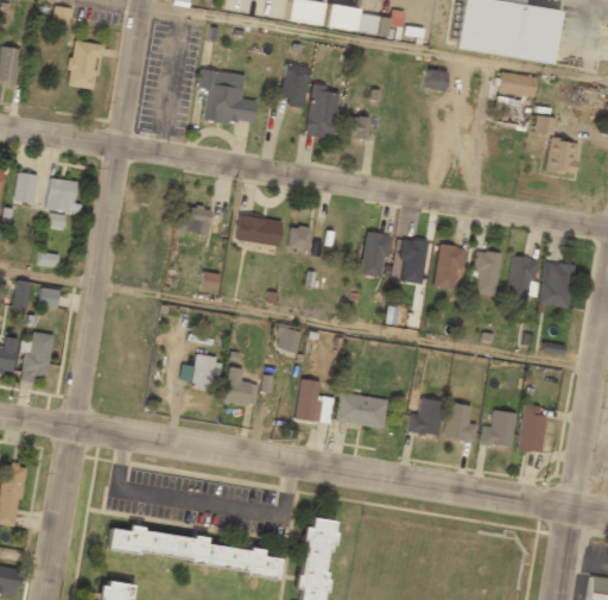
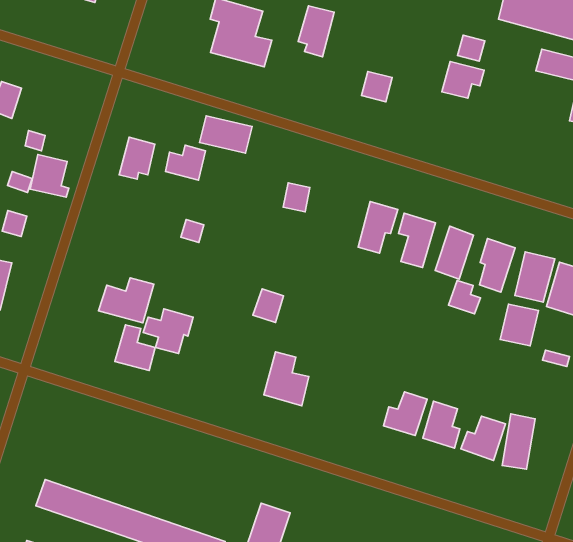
building: [306,83,341,138] -> none
building: none -> [442,62,484,98]
building: [48,178,82,213] -> [30,155,69,197]
building: none -> [119,137,155,179]
building: [238,216,283,245] -> [199,116,252,153]
building: none -> [448,281,480,314]
building: none -> [500,304,538,346]
building: none -> [98,278,154,323]
building: [224,367,259,405] -> [115,325,155,371]
building: [336,392,388,429] -> none

